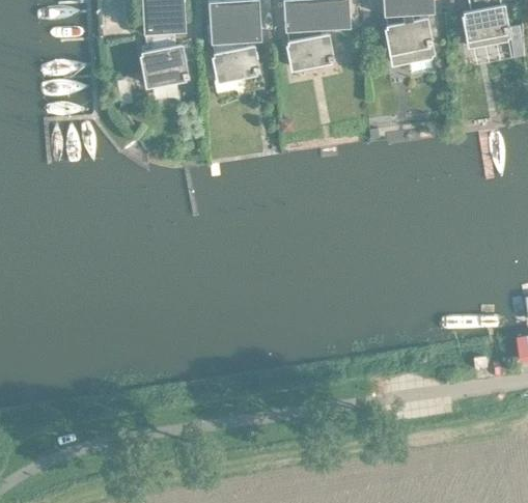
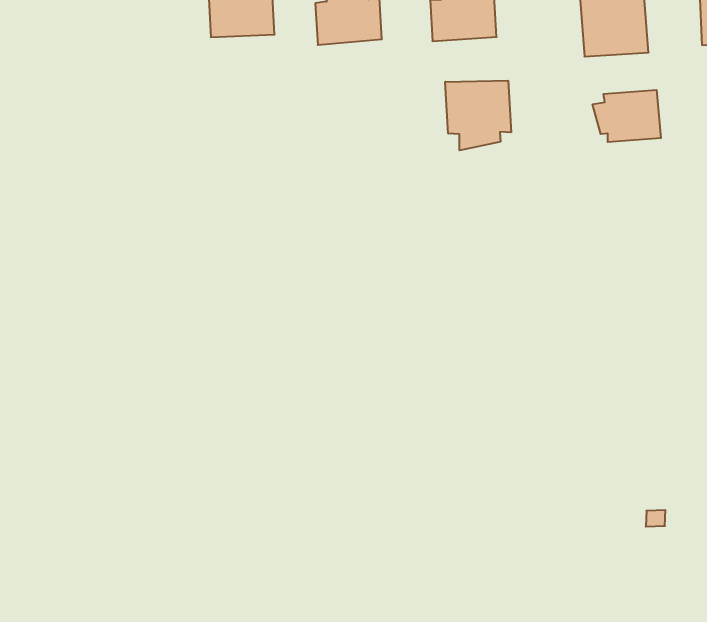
building: none -> [593,90,661,142]
building: none -> [445,81,511,150]

